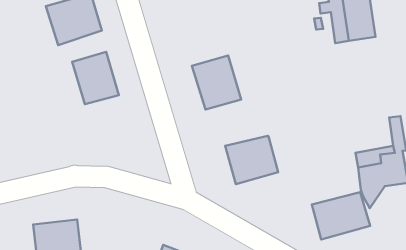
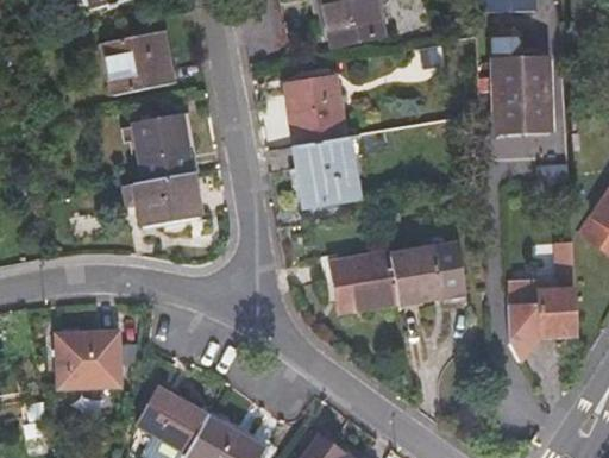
building: none -> [288,75,347,144]
building: none -> [133,172,201,228]
building: [312,192,370,239] -> [390,244,466,302]

